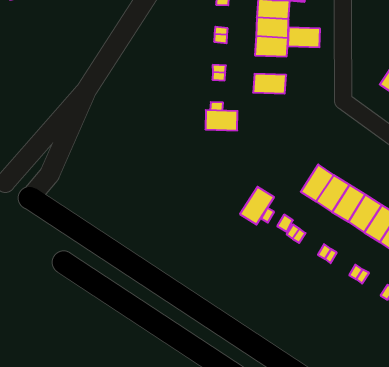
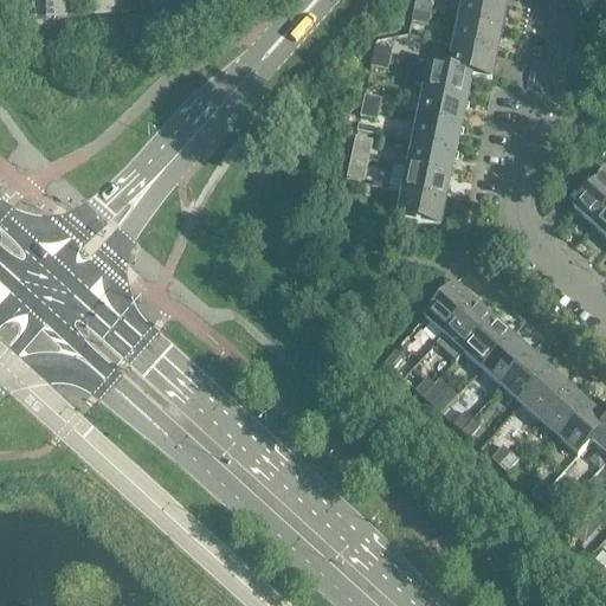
building: [288,28,320,47] -> [407,135,454,168]
building: [205,110,238,130] -> [397,185,444,219]
building: [240,187,274,225] -> [424,278,473,329]

